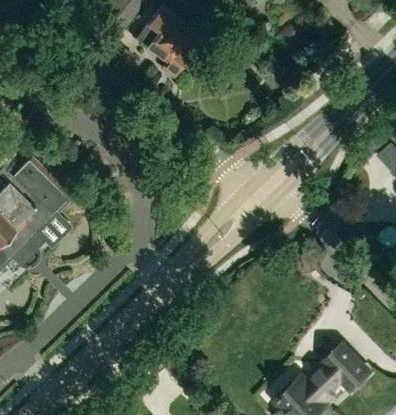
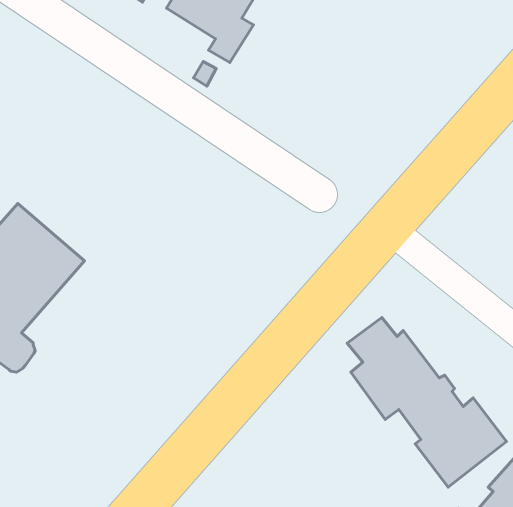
building: none -> [347,318,506,487]

